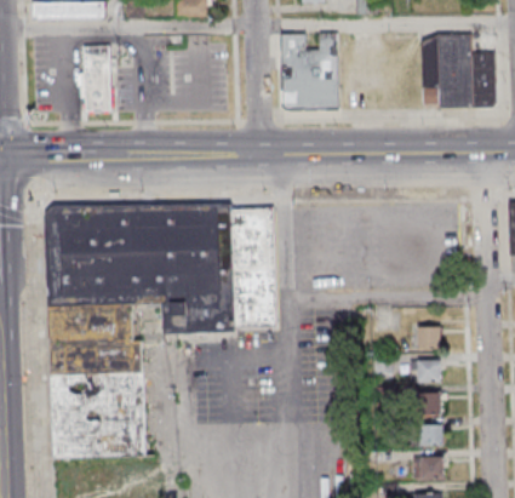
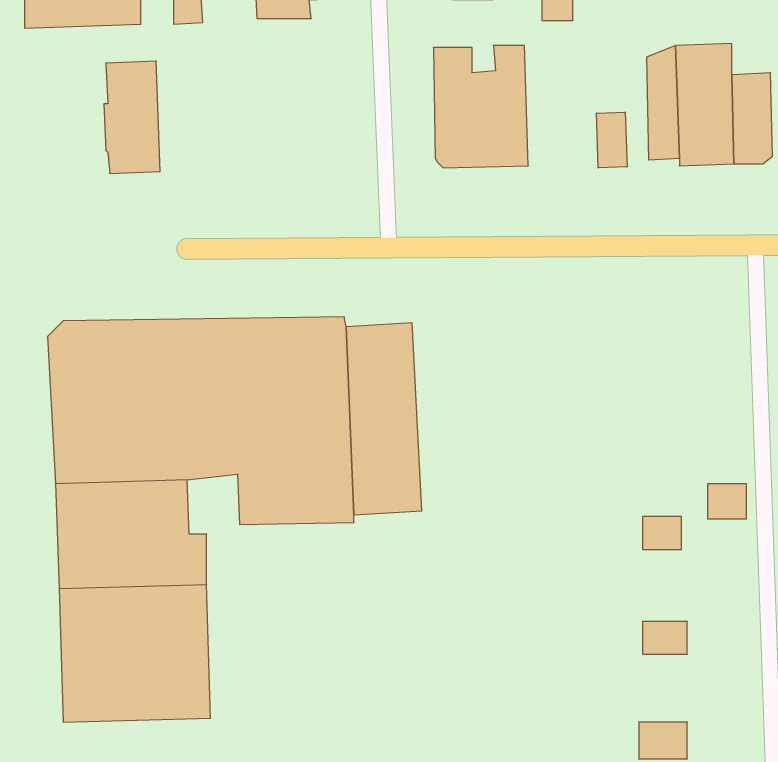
building: none -> [597,112,627,168]
building: [414,360,439,382] -> [708,484,746,519]
building: [412,425,442,445] -> none

